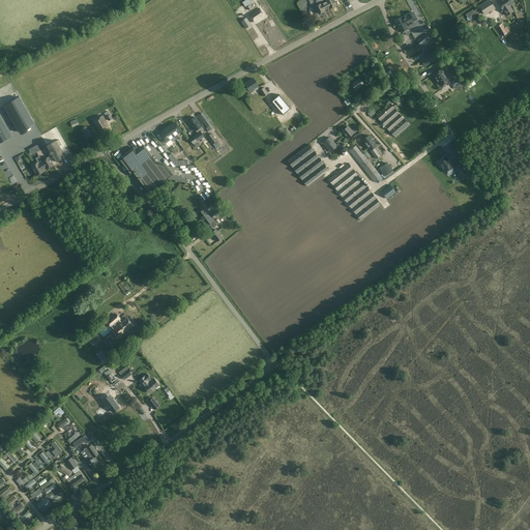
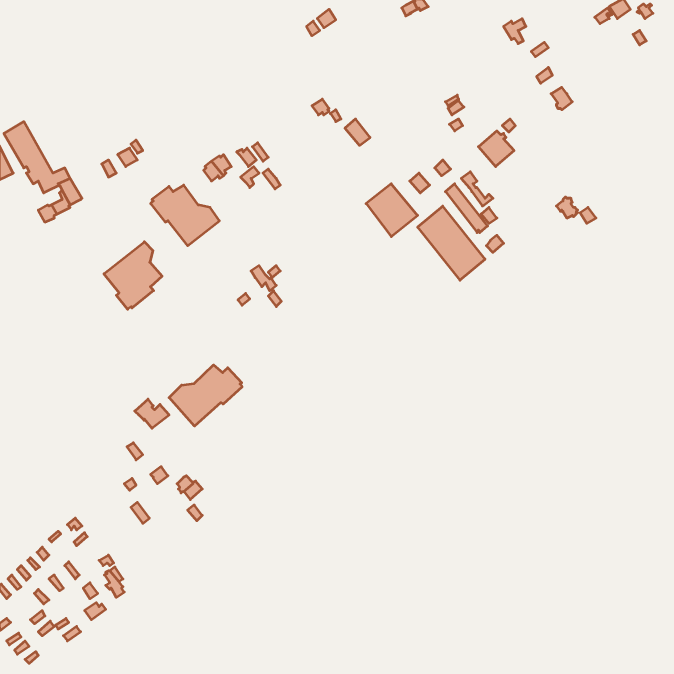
building: none -> [104,242,162,309]
building: none -> [169,365,242,426]

